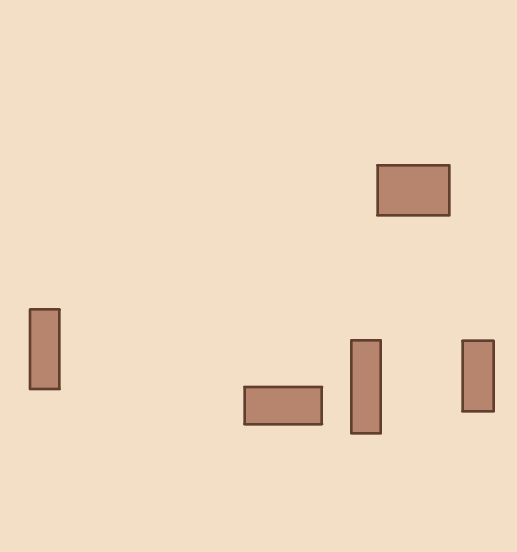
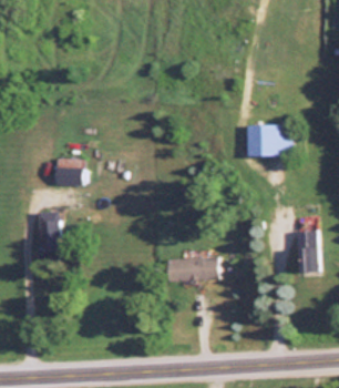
building: none -> [55,159,81,184]
building: [351,340,381,433] -> none

